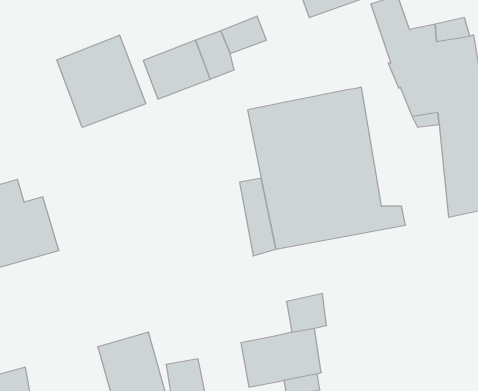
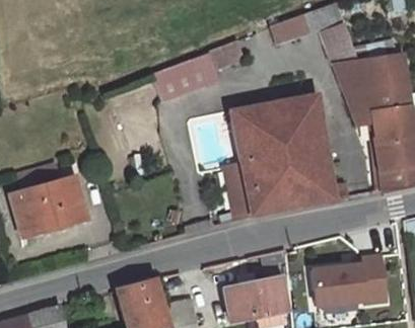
building: [57,35,146,127] -> none
building: none -> [313,258,388,307]

